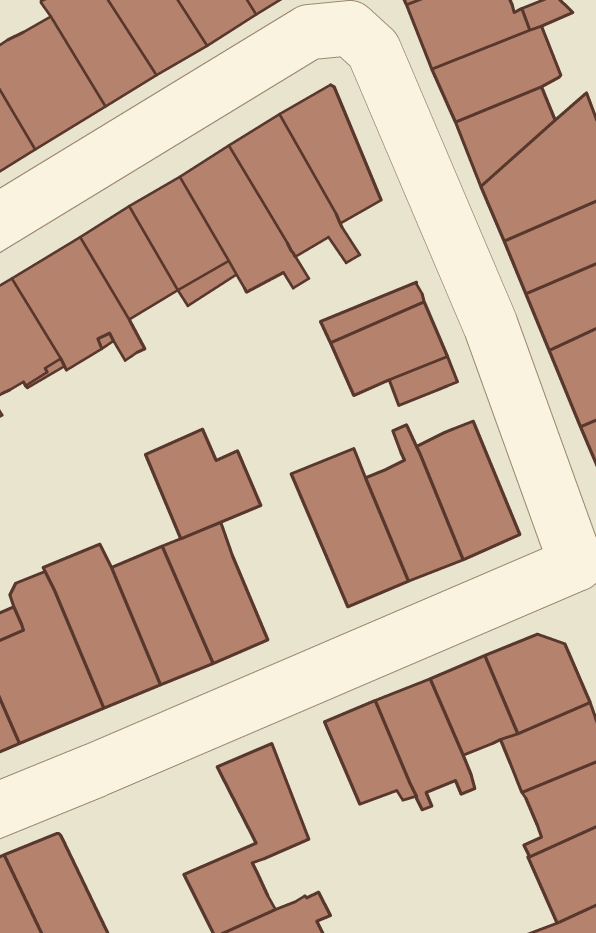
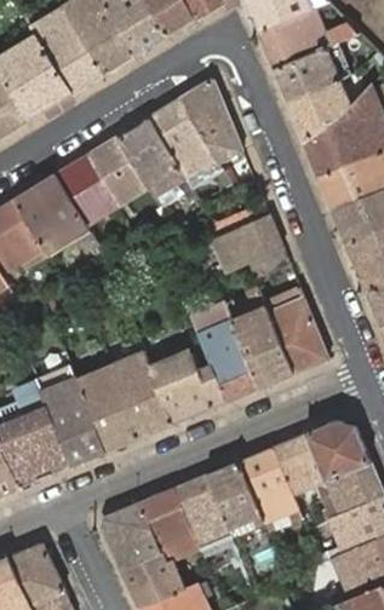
building: [146,429,261,539] -> [150,355,222,422]
building: none -> [174,473,233,546]
building: none -> [101,501,165,568]

